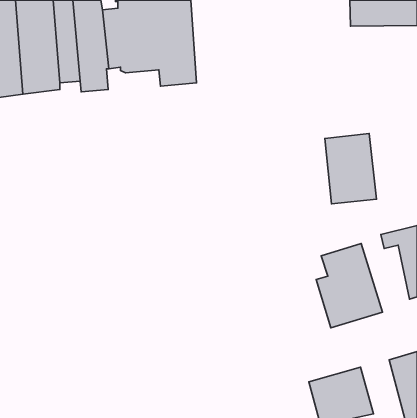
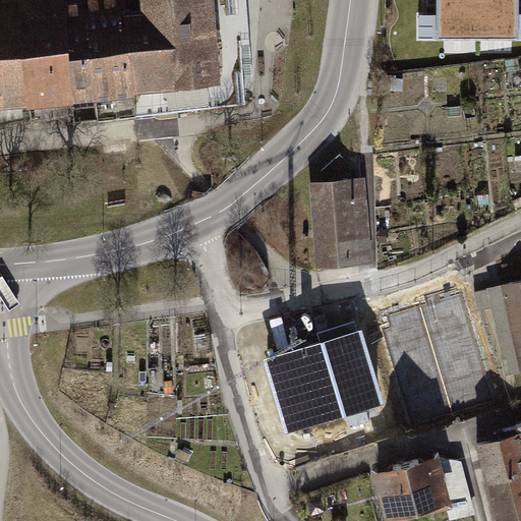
building: [325,133,377,204] -> [307,171,371,258]
building: none -> [265,319,394,435]

